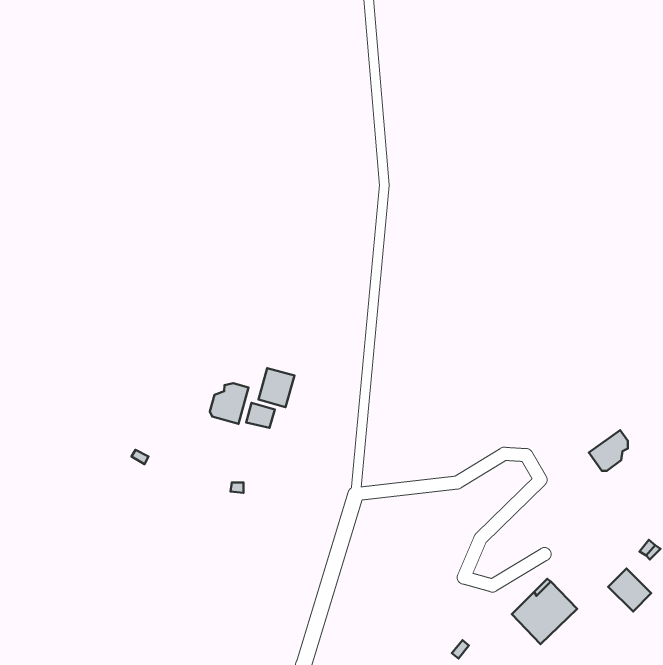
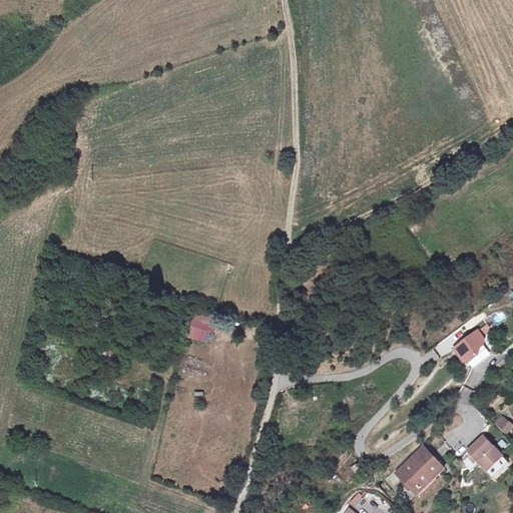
building: [258,368,294,407] -> none
building: [210,383,248,424] -> none

